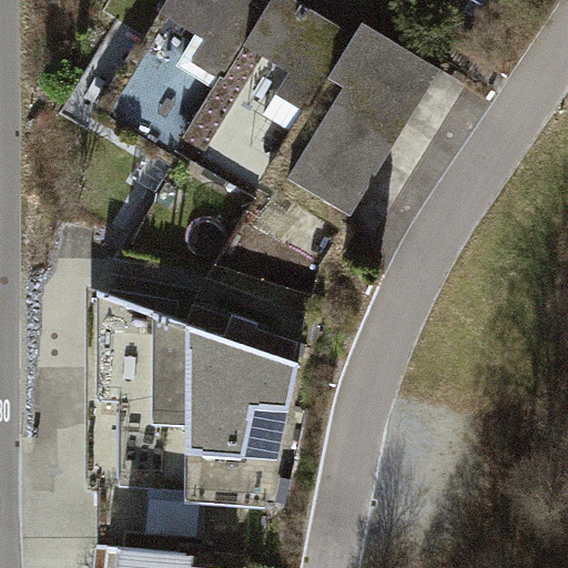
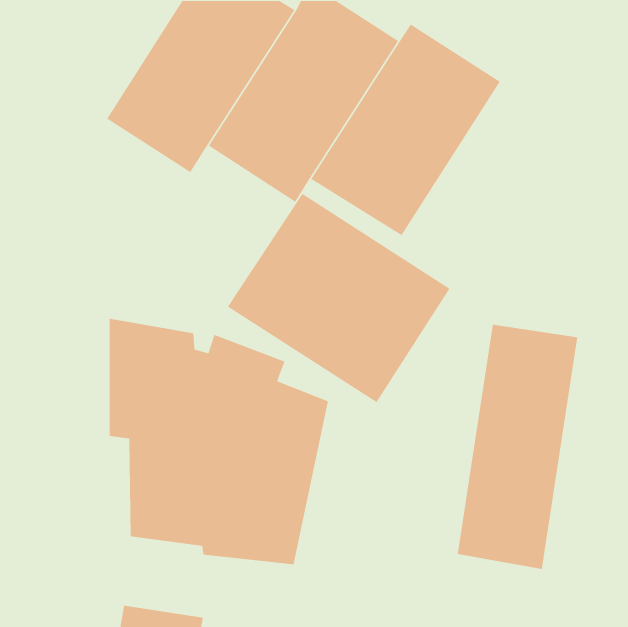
building: none -> [227,193,450,403]
building: none -> [457,324,578,570]

